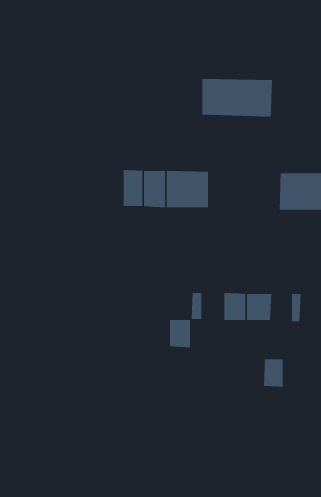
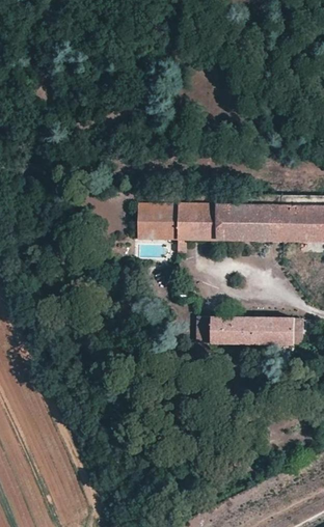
building: [202,79,273,117] -> [218,205,284,241]
building: [169,319,191,348] -> [212,316,232,342]
building: [263,359,284,387] -> [275,317,294,343]

